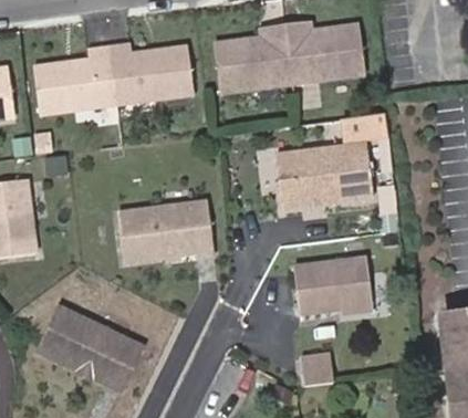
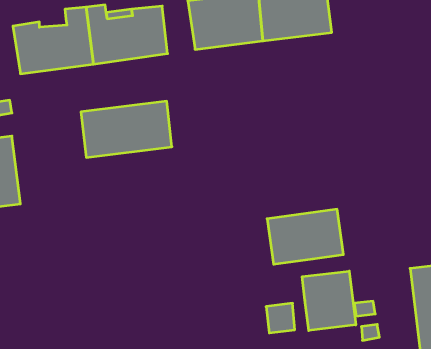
building: [275,144,374,208] -> none
building: [116,202,211,261] -> [81,101,172,157]
building: [43,304,146,388] -> none
building: none -> [302,271,356,331]

